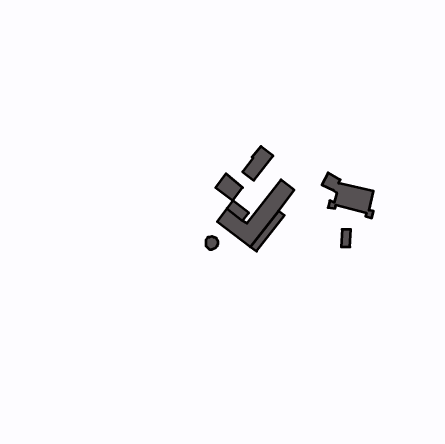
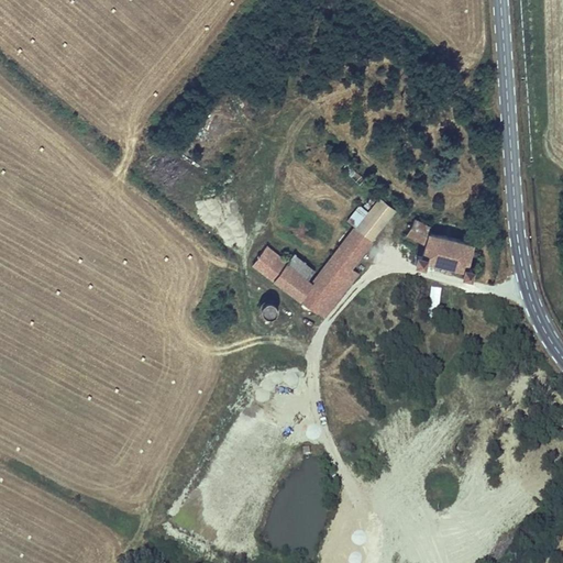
building: [243,146,273,180] -> [356,198,395,241]
building: [216,174,243,201] -> [253,247,287,282]

